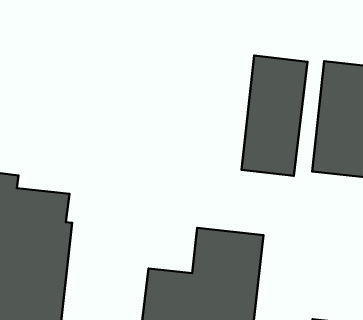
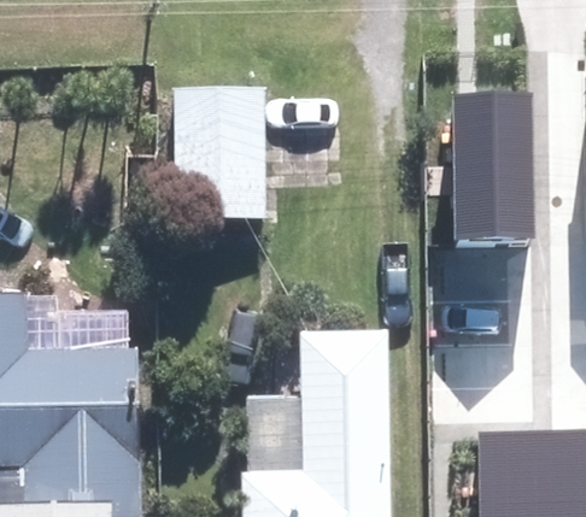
building: none -> [181,88,268,219]
building: [241,56,307,176] -> none

